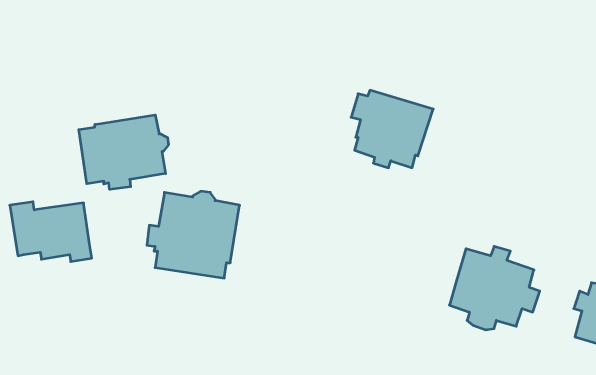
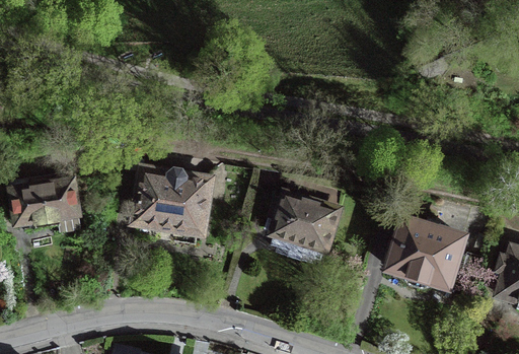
building: [351,90,433,168] -> [268,191,339,258]
building: [79,115,168,189] -> none

